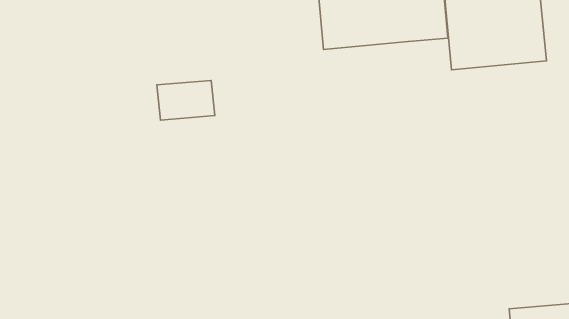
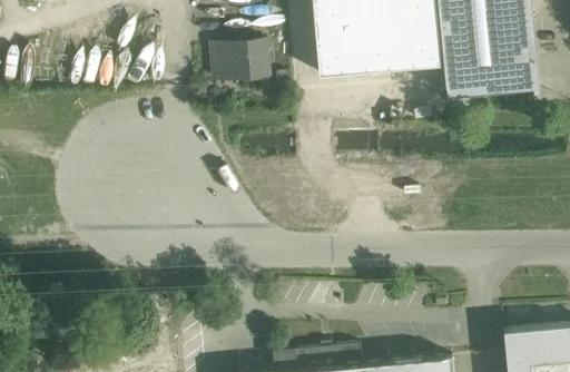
building: [157,80,215,120] -> [210,40,267,79]

